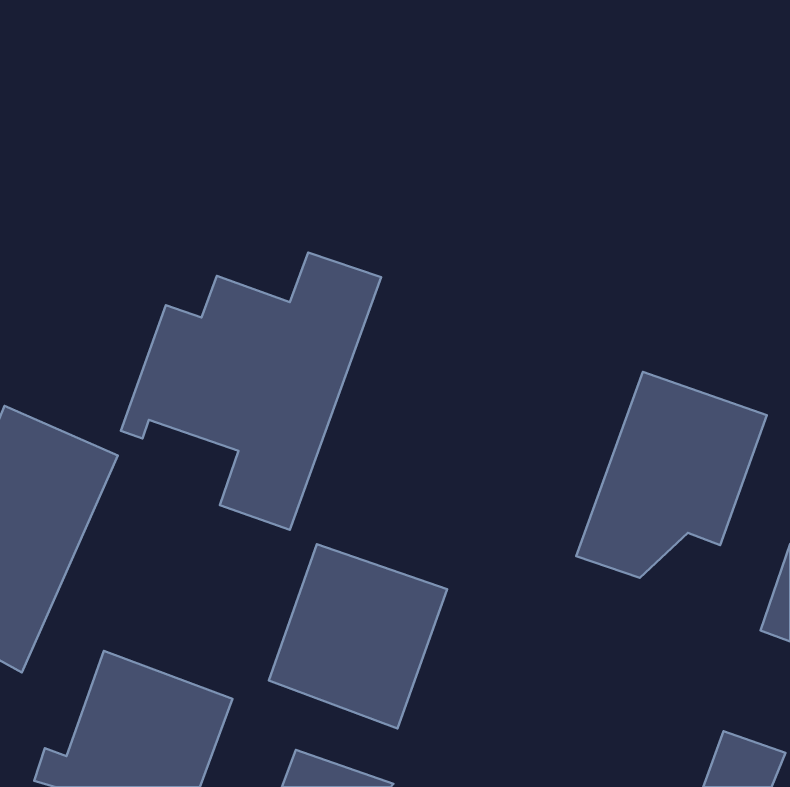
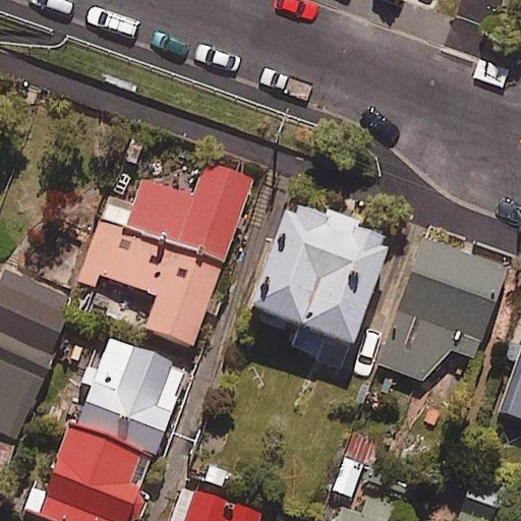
building: none -> [250,209,388,350]
building: [269,544,447,729] -> [68,338,185,459]

